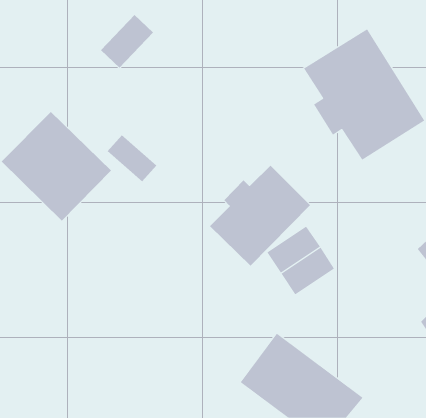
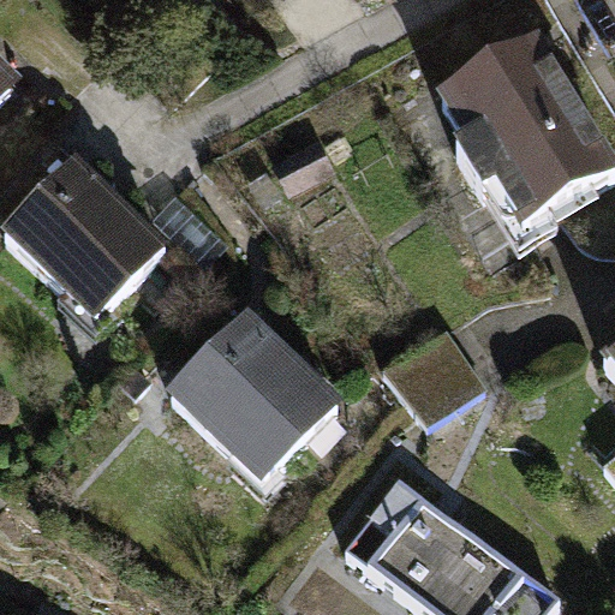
building: [209,165,311,267] -> none
building: none -> [171,317,333,479]

